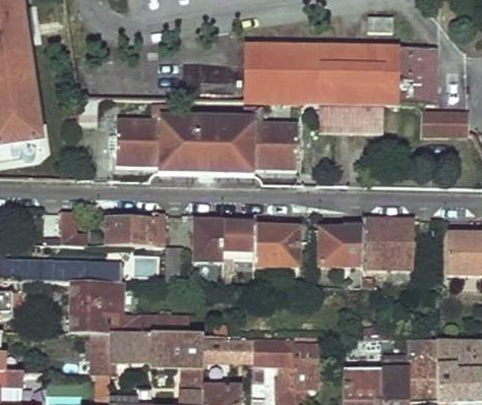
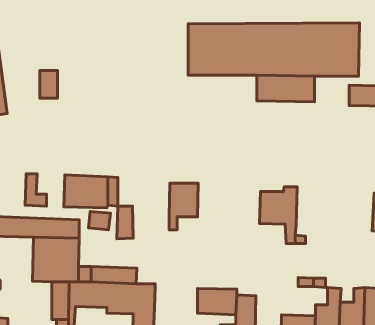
building: [117,105,294,172] -> none
building: [363,218,415,267] -> none
building: [196,219,223,257] -> none
building: [253,220,296,268] -> none
building: [205,336,253,359] -> none

